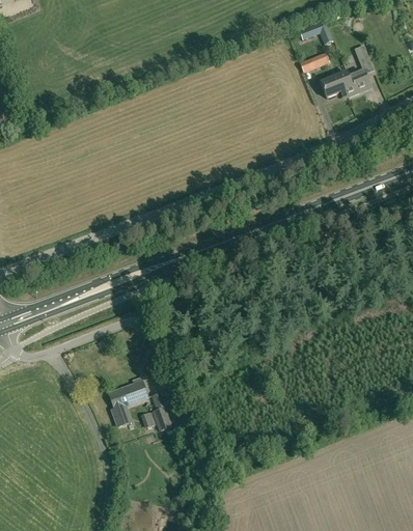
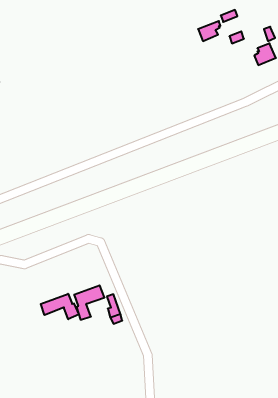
building: [320,72,349,97] -> [198,21,220,41]
building: none -> [41,294,79,319]

